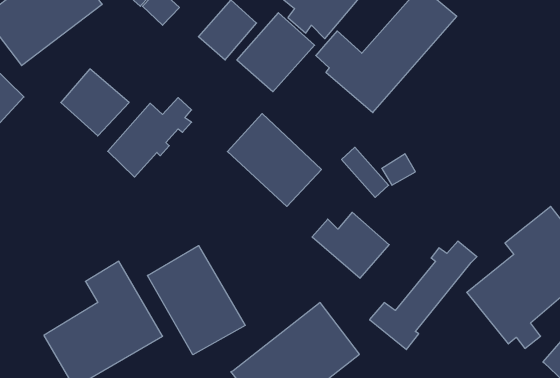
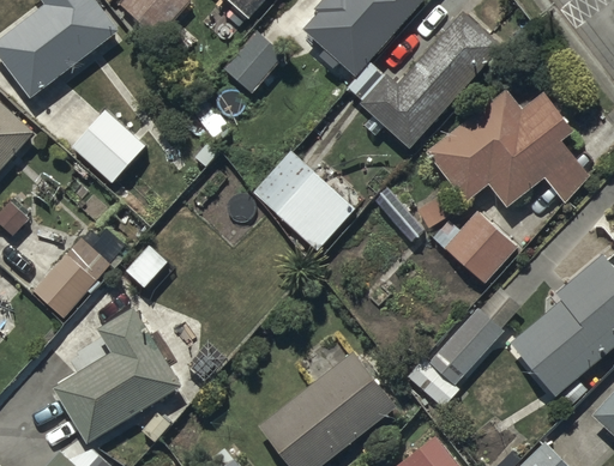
building: [237,13,315,92] -> none
building: none -> [428,92,586,210]
building: [108,98,192,177] -> [36,231,126,316]
building: [312,212,389,278] -> [433,212,516,283]
building: [147,246,245,355] -> none

